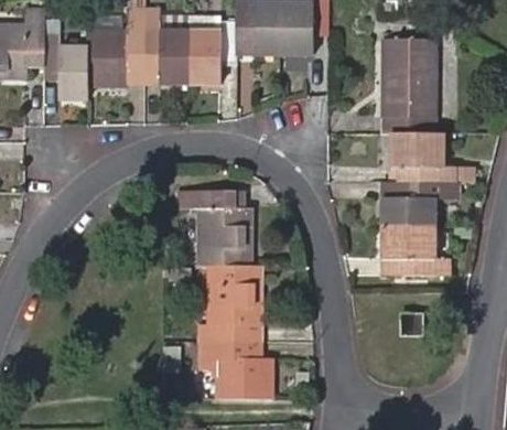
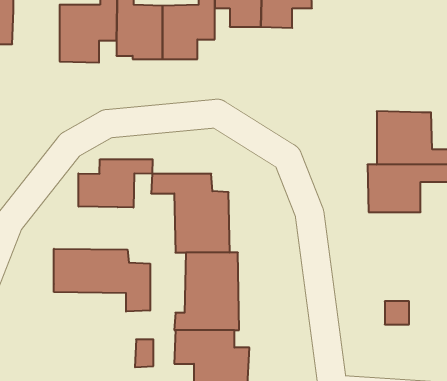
building: [44,35,89,97] -> none
building: [382,37,434,132] -> none
building: none -> [78,159,153,208]
building: [382,227,444,275] -> none
building: none -> [54,249,150,312]

